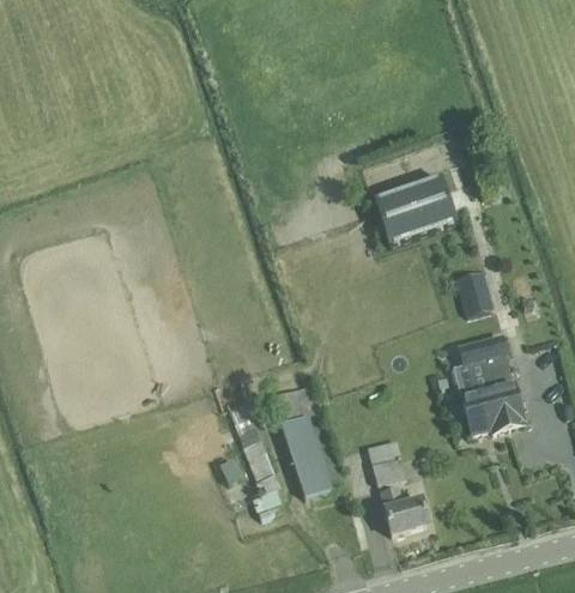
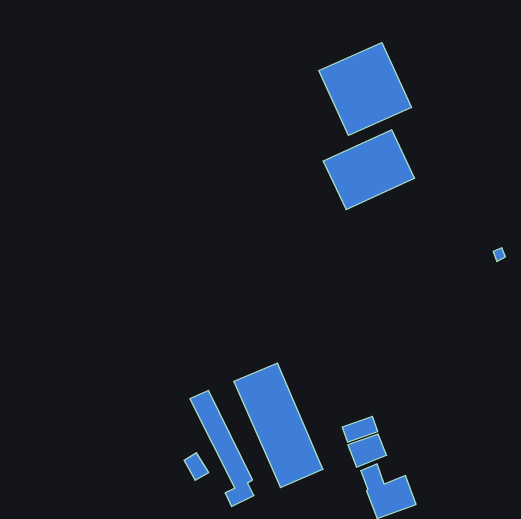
building: none -> [319,43,411,135]
building: [455,271,492,315] -> none
building: [458,335,523,432] -> none

